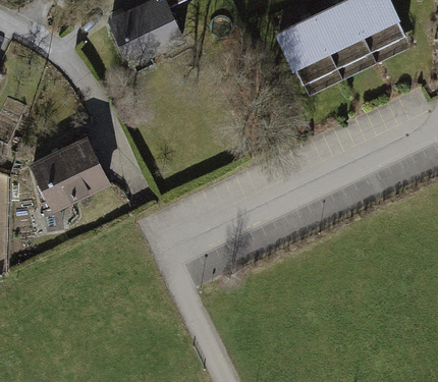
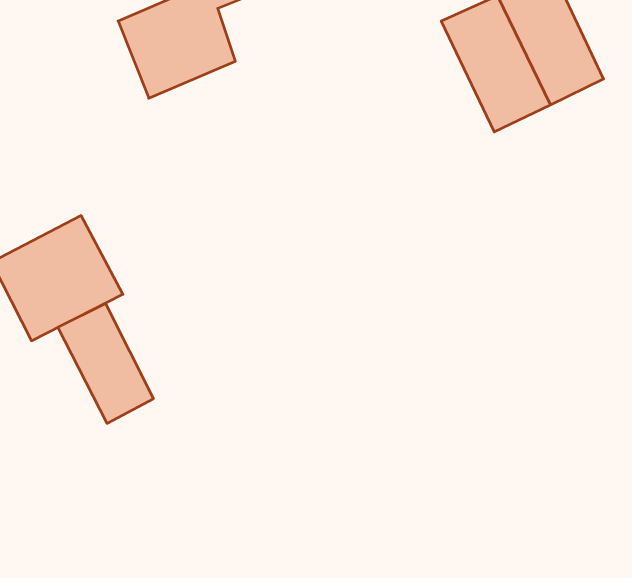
building: [278,14,345,100] -> none
building: none -> [58,303,153,423]

